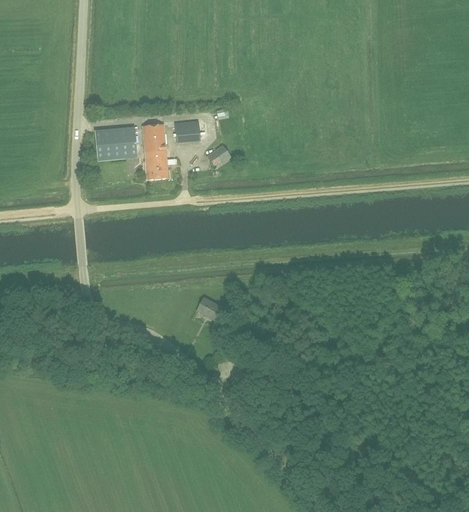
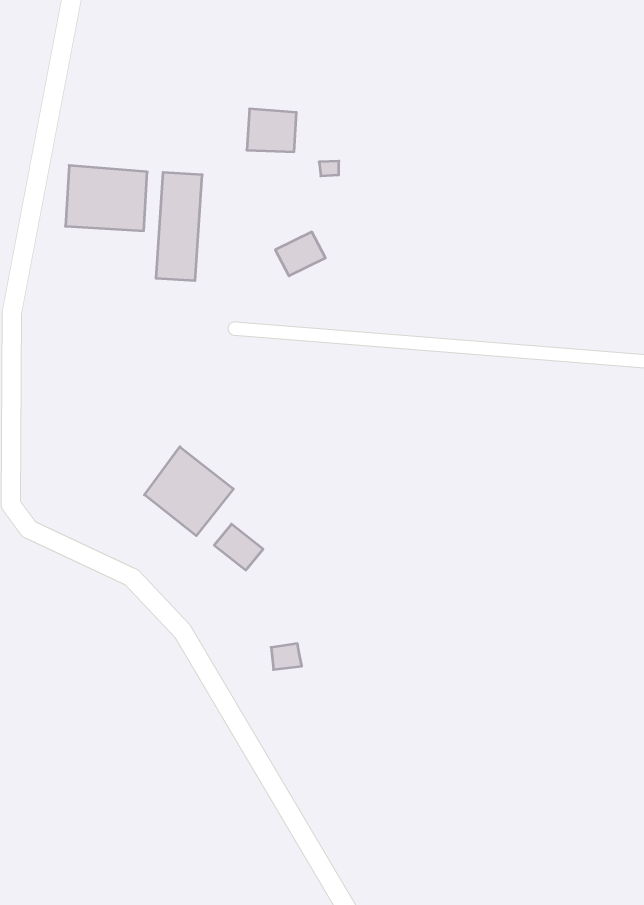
building: [174,120,200,143] -> [247,109,296,152]
building: none -> [144,447,233,536]

